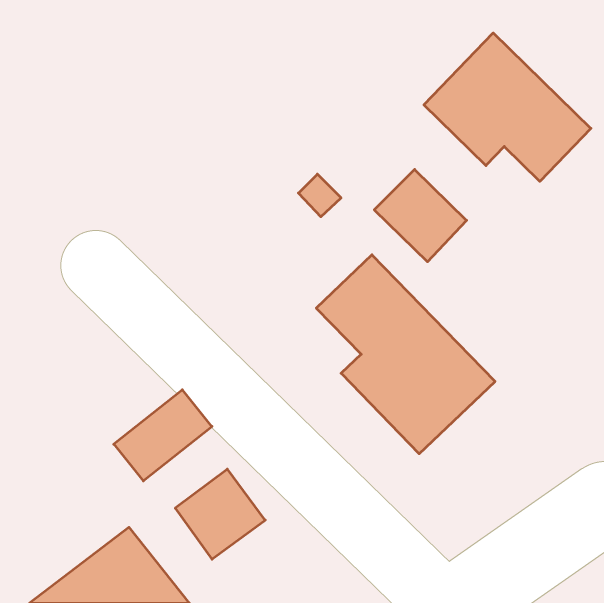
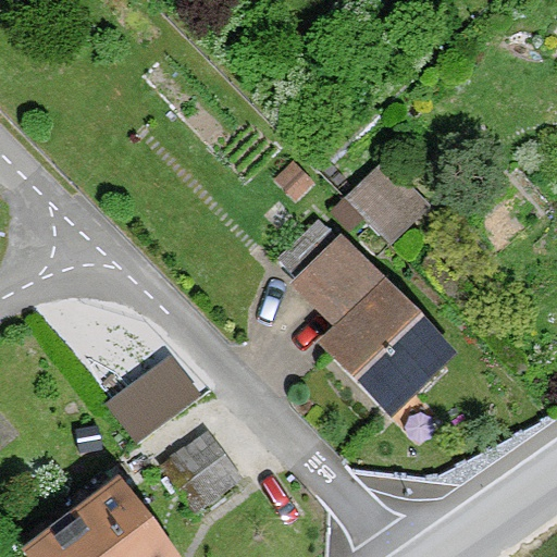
building: [424,33,591,181] -> none

